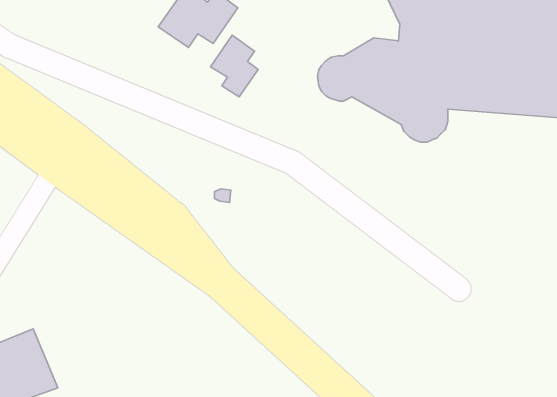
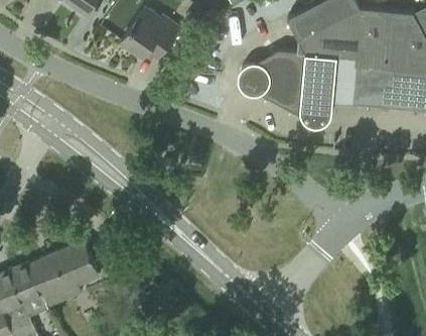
building: [210,35,258,97] -> none
building: none -> [29,241,101,308]

